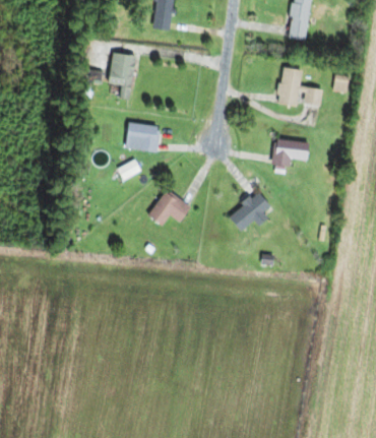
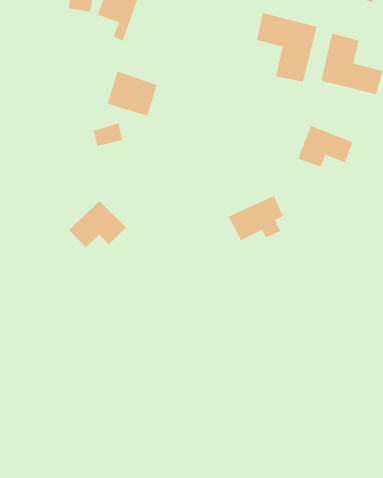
building: none -> [256,12,317,83]
building: [147,190,190,227] -> [68,201,127,248]

